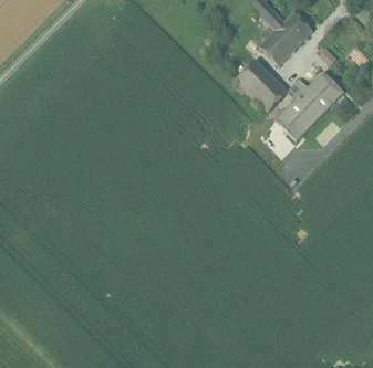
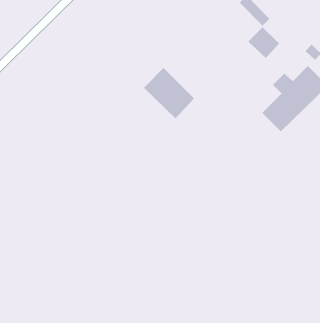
building: [277,11,313,48] -> none
building: [235,59,288,112] -> [143,67,195,119]

